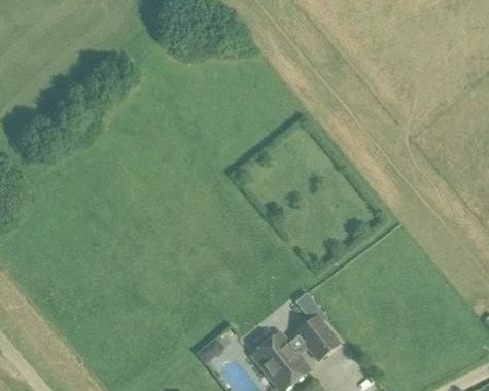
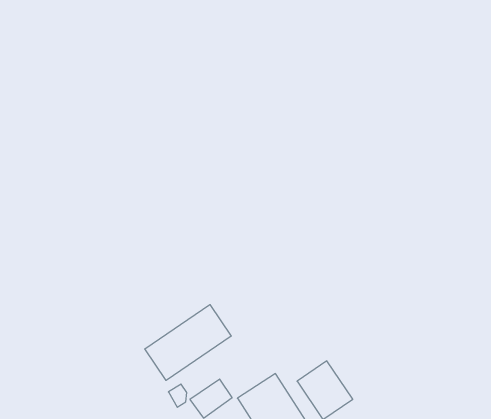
building: none -> [145,305,231,380]

